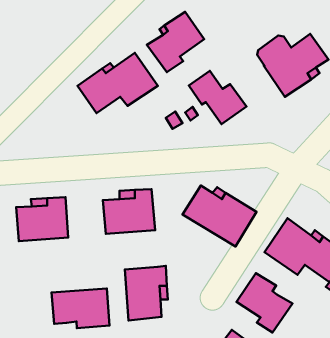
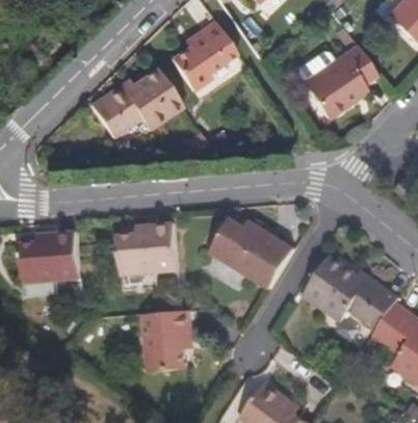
building: [189,71,247,124] -> none
building: [237,273,293,332] -> none
building: [51,288,109,328] -> none

